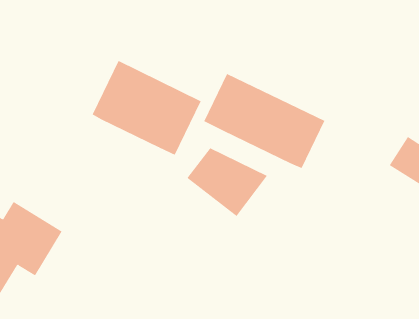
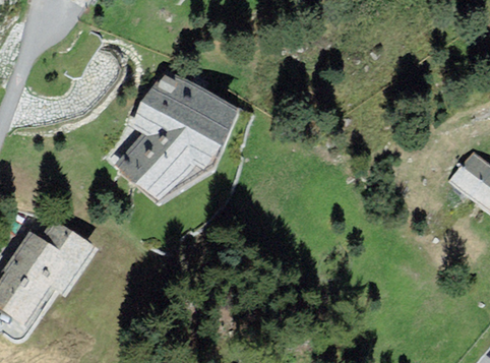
building: [204,73,325,169] -> none
building: [186,148,268,217] -> [119,132,204,204]

